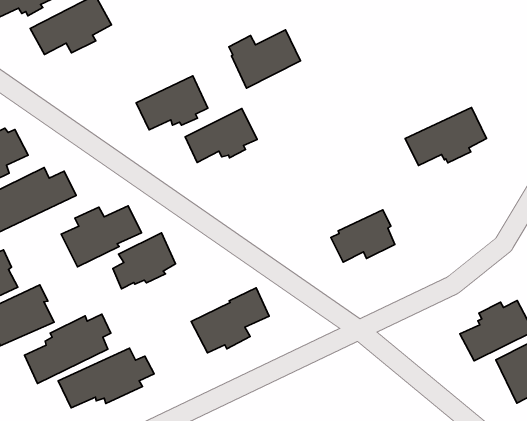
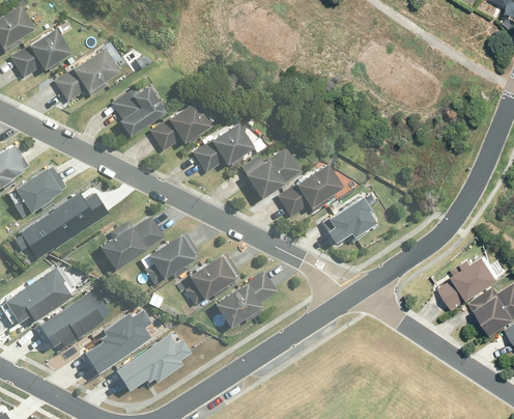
building: [229,30,301,88] -> [239,149,299,201]
building: none -> [110,88,163,138]
building: [405,107,487,165] -> [275,166,341,219]
building: none -> [185,256,237,306]

